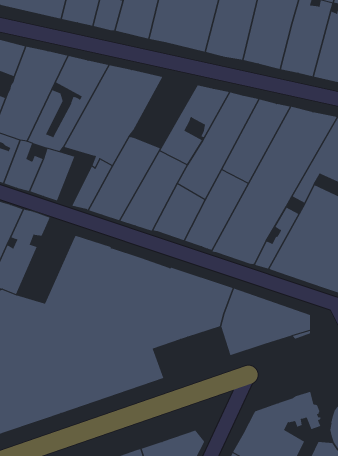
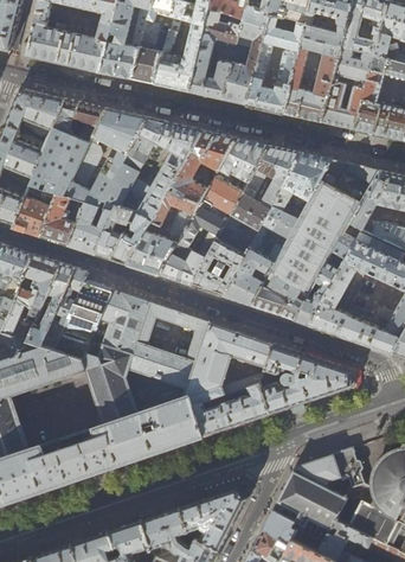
building: none -> [174,130,238,203]
building: none -> [97,202,135,261]
building: none -> [56,283,114,359]
building: none -> [194,383,271,435]

